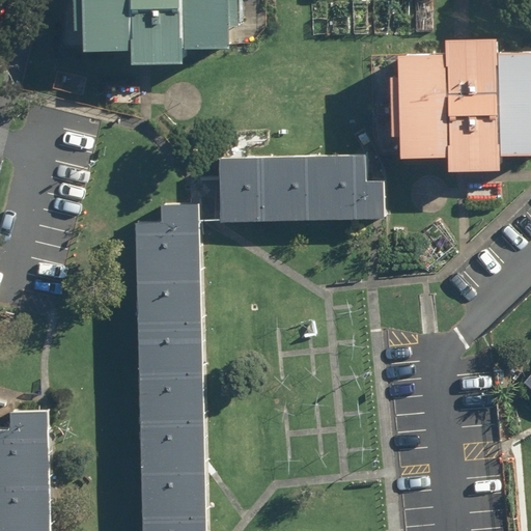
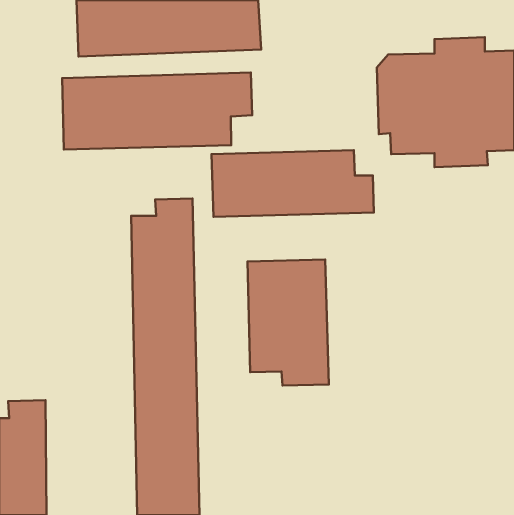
building: none -> [62,73,252,150]
building: none -> [248,260,329,386]

